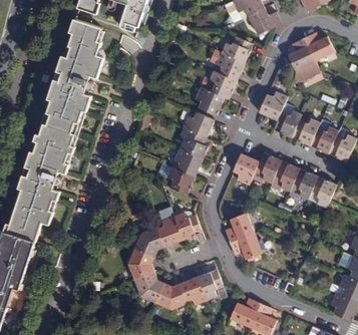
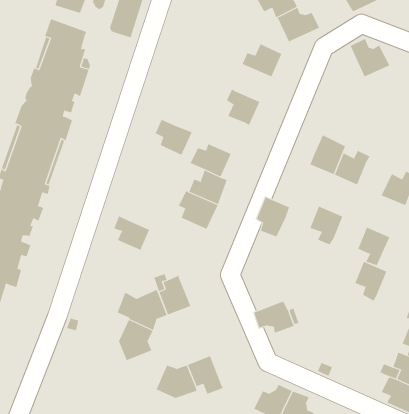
building: [288,38,319,82] -> none
building: [214,52,244,81] -> none
building: [194,87,223,115] -> [155,119,192,155]
building: [259,90,288,120] -> none
building: [310,126,339,153] -> none
building: [255,153,280,184] -> none
building: [165,169,194,196] -> [113,215,150,251]
building: [292,170,317,201] -> [354,261,387,301]
building: [172,212,201,239] -> none
building: [224,214,253,244] -> none
building: [197,270,223,300] -> none
building: [131,273,162,303] -> none

